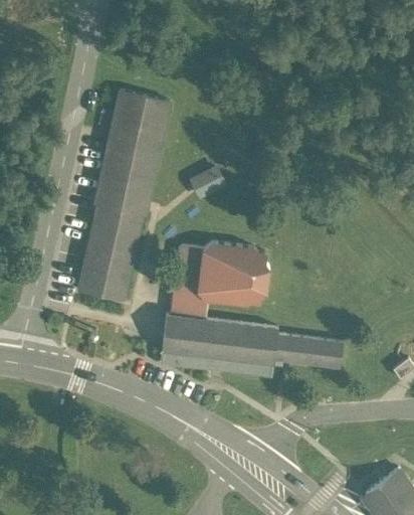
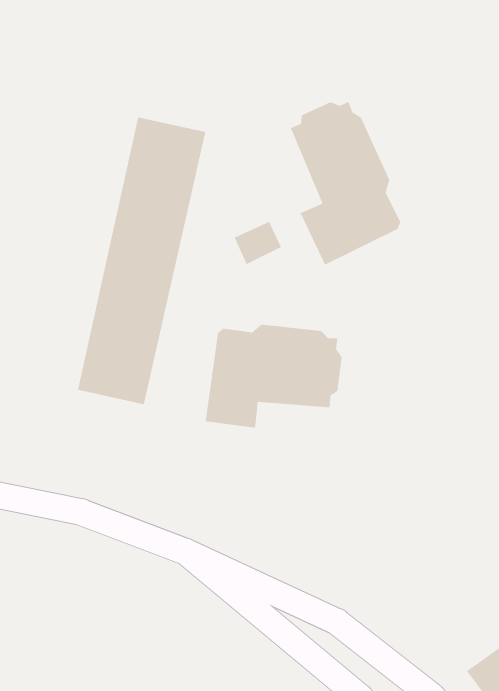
building: none -> [290,101,401,265]
building: [162,314,343,379] -> none

